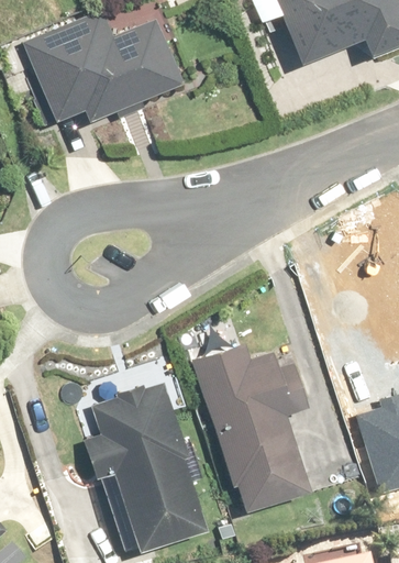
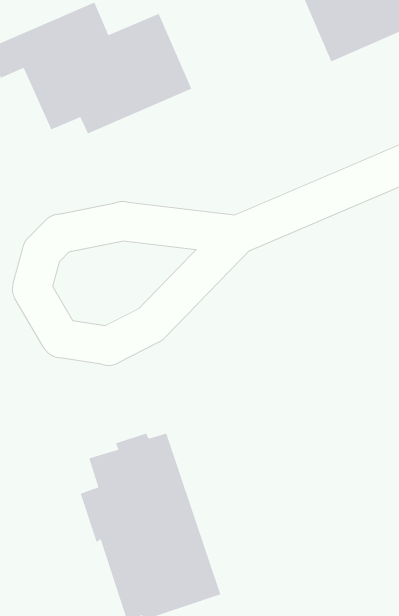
building: [191,342,312,512] -> none

